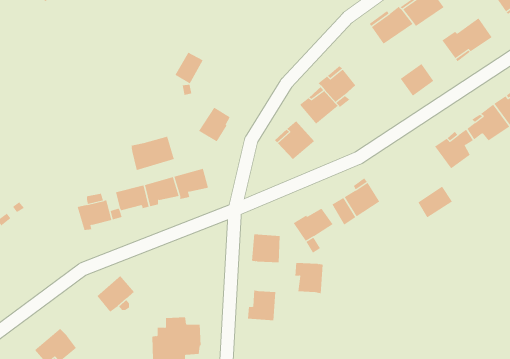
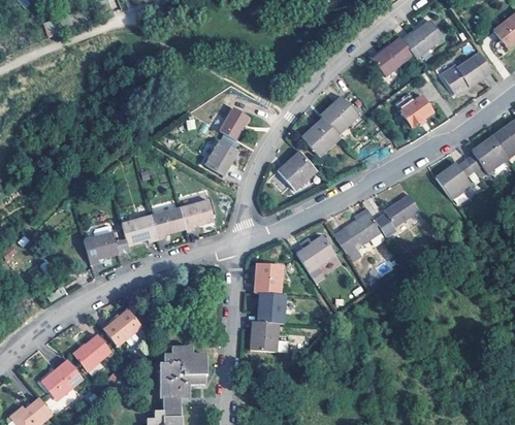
building: [174,52,204,84] -> [219,106,248,138]
building: [131,136,174,171] -> none
building: [417,186,453,218] -> [385,195,420,227]
building: [294,263,323,294] -> [259,292,288,323]
building: none -> [74,333,110,369]

